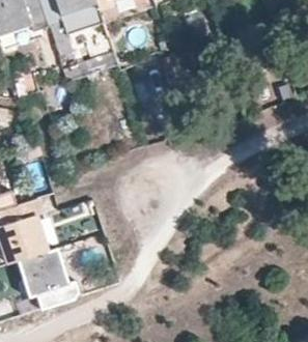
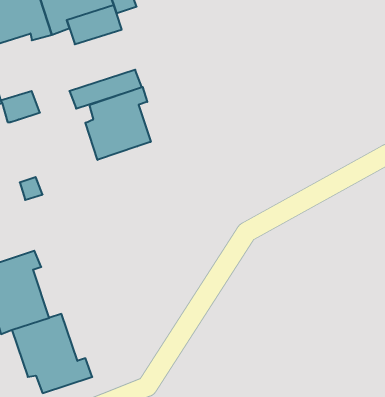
building: none -> [85,87,151,160]

